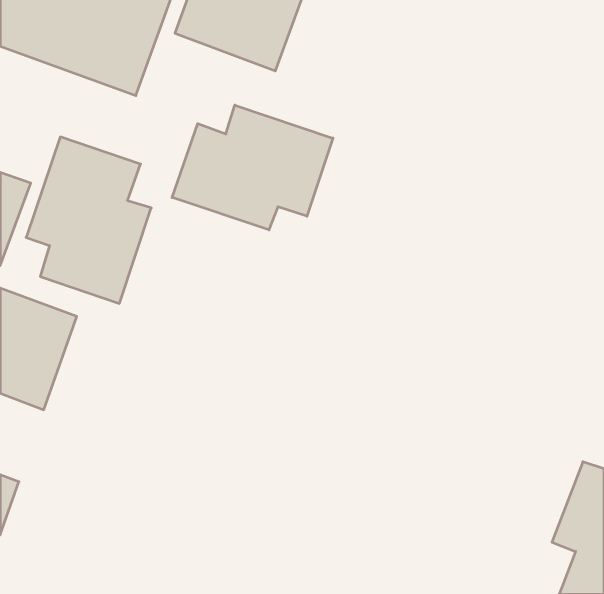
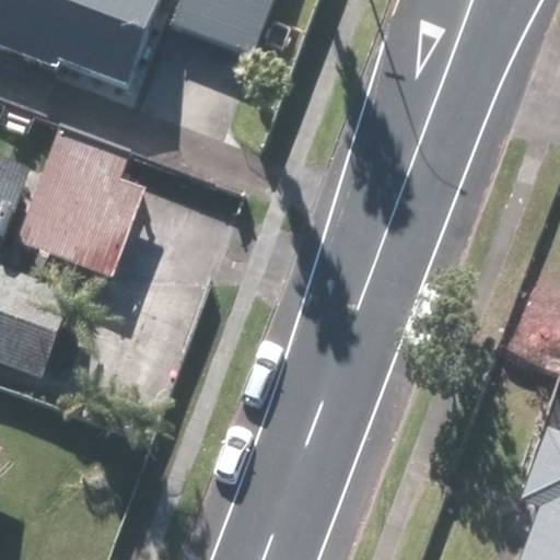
building: [172,105,333,230] -> none

